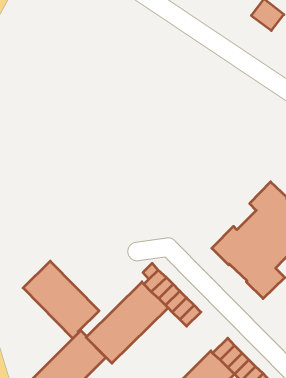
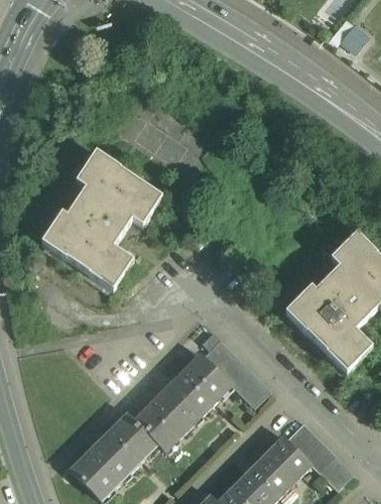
building: none -> [40,151,160,290]
building: [23,261,99,338] -> none

